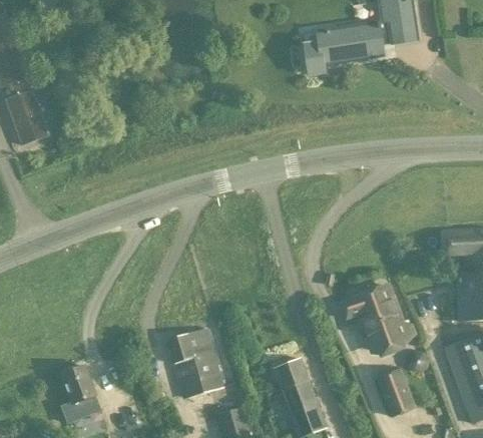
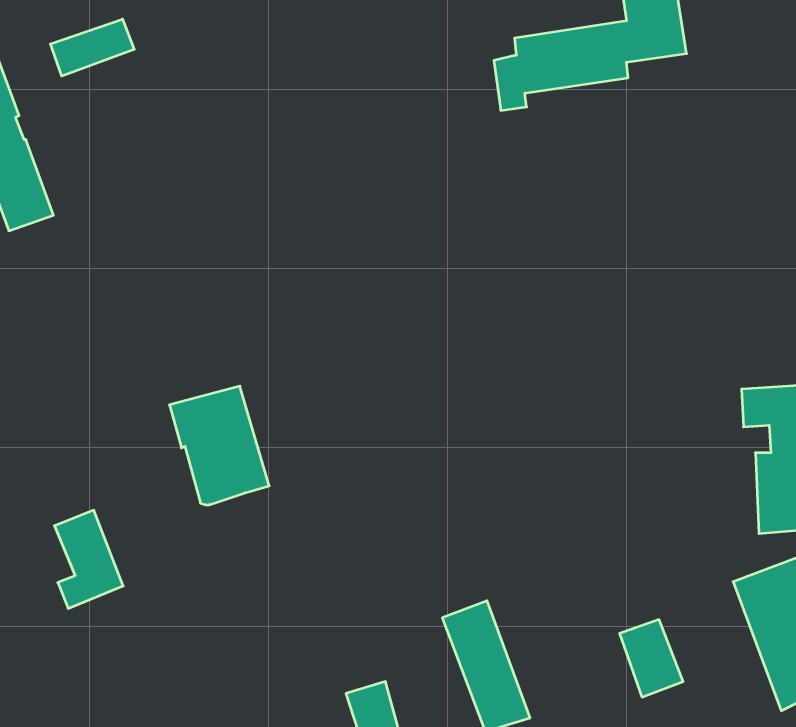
building: none -> [50,19,134,76]
building: [341,285,415,349] -> none
building: [165,328,223,397] -> [169,386,269,505]
building: [61,365,101,422] -> [54,510,123,608]

